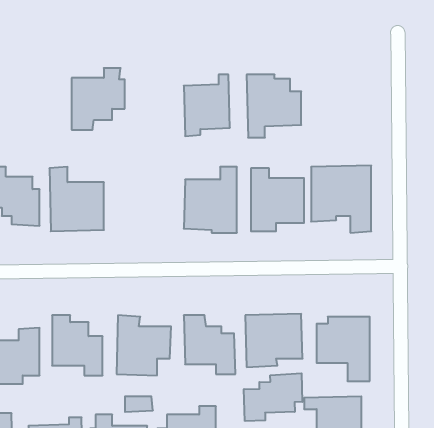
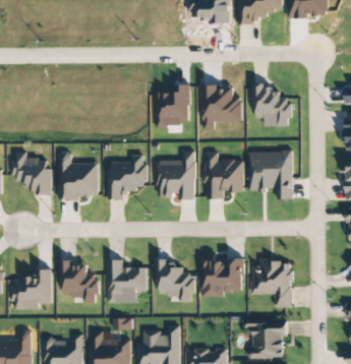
building: [72,68,125,130] -> [109,155,148,199]
building: none -> [254,84,291,126]
building: [244,373,302,421] -> none

